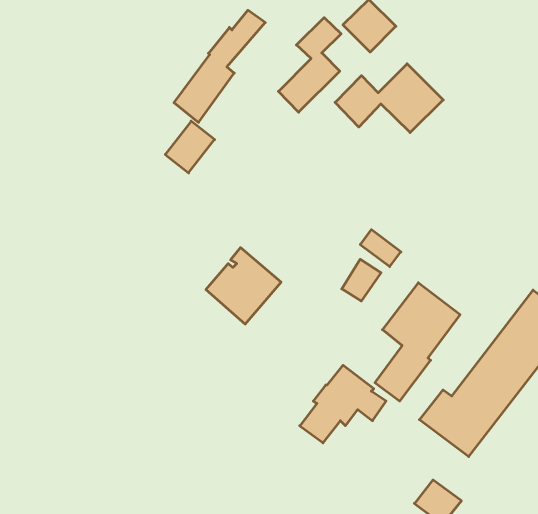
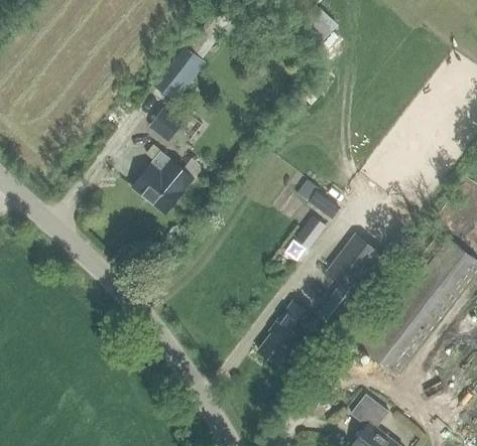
building: [278,18,341,112] -> none
building: [335,64,443,133] -> none
building: [206,248,281,324] -> [131,151,193,213]

